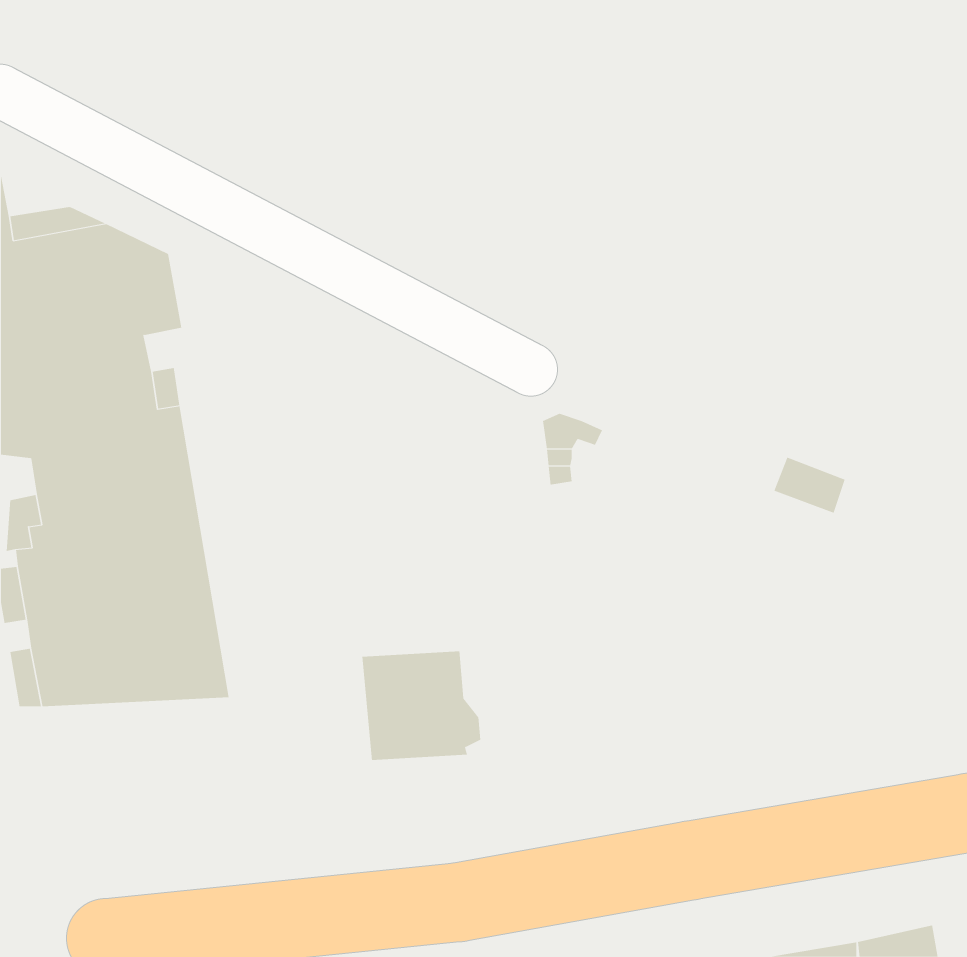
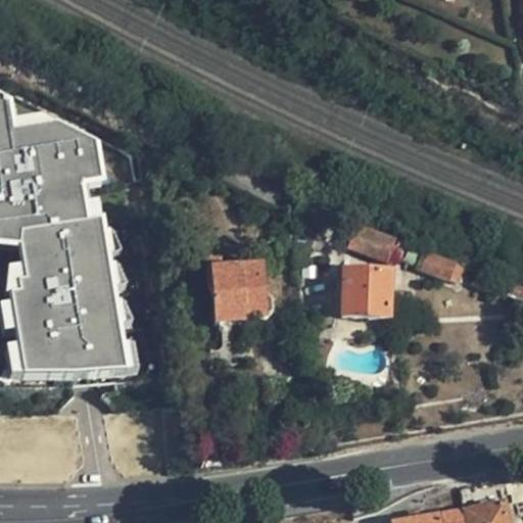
building: none -> [349,220,396,258]
building: none -> [342,266,396,316]
building: [362,651,481,761] -> [211,262,276,321]

